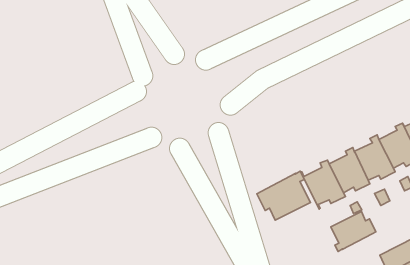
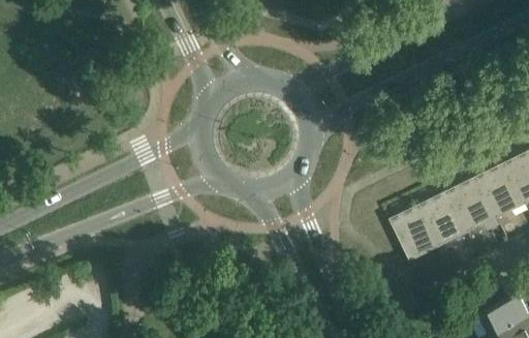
building: [257,171,310,220] -> none
building: [331,212,376,251] -> none

